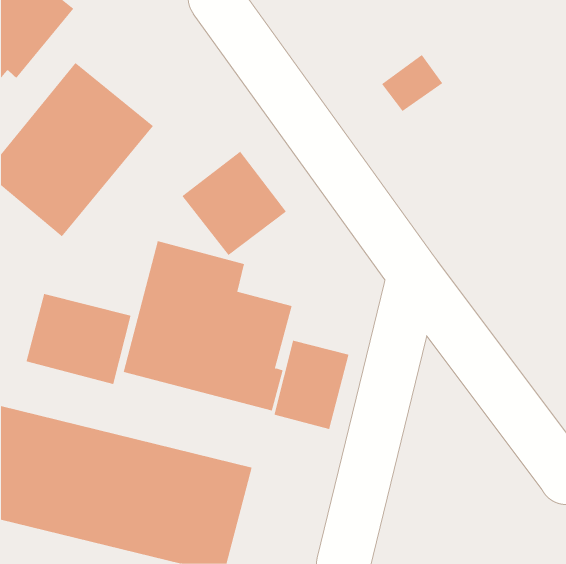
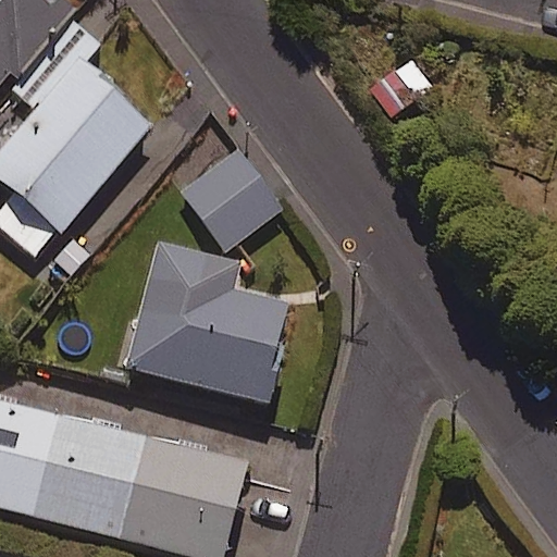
building: [26,293,131,385] -> none
building: [274,340,349,430] -> none

